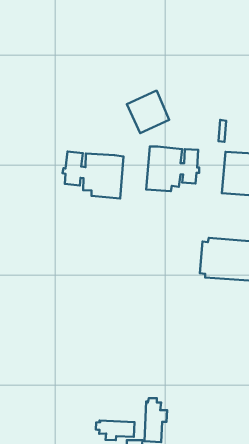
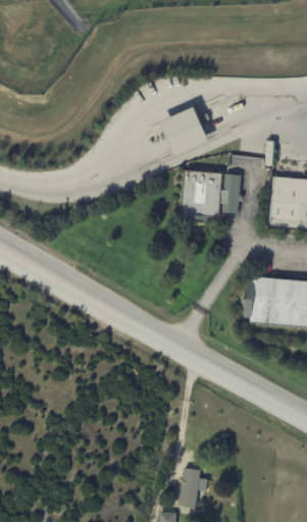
building: [62,152,124,198] -> none
building: [96,420,134,440] -> none

